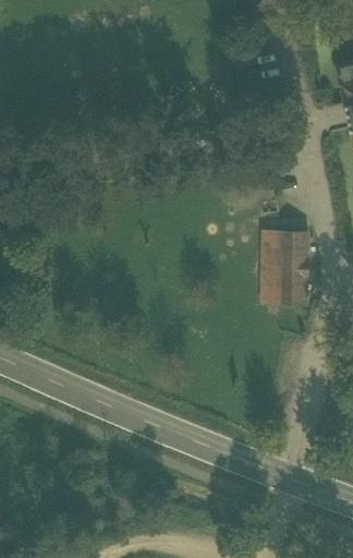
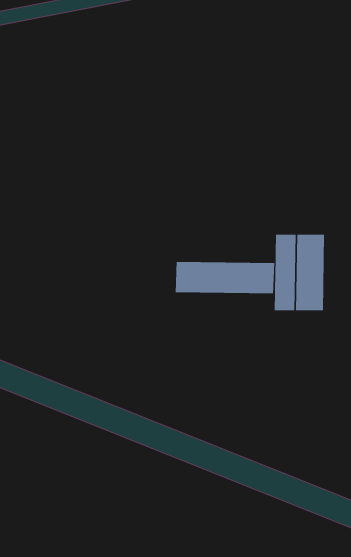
building: none -> [175,261,275,294]

